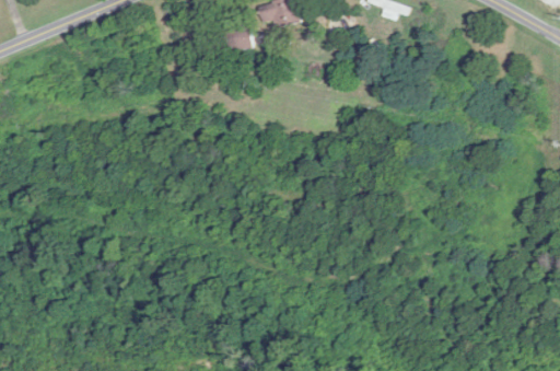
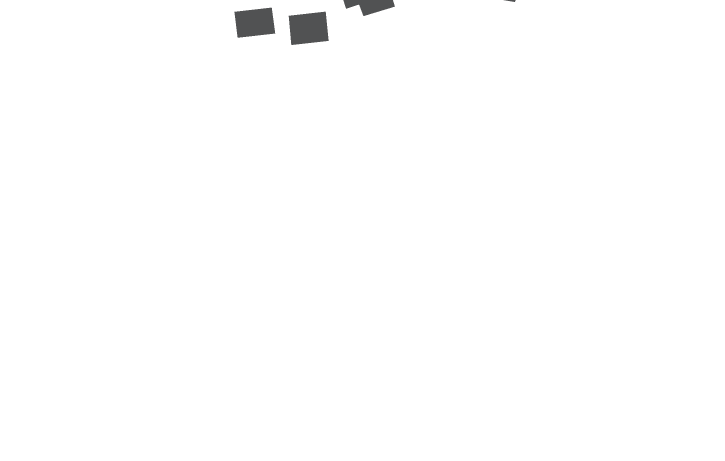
building: none -> [234,7,276,38]

